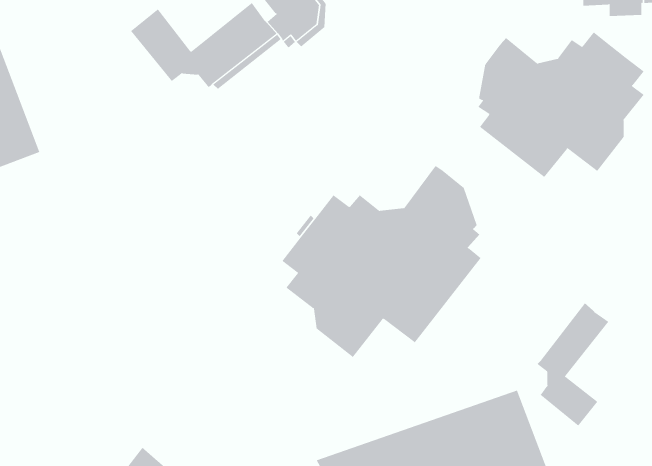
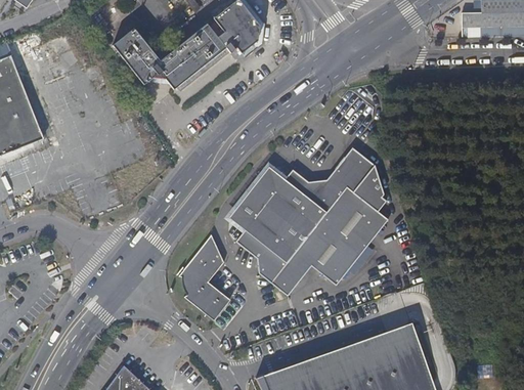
building: [477,32,644,178] -> none
building: none -> [176,237,224,322]
building: [537,302,609,426] -> none

